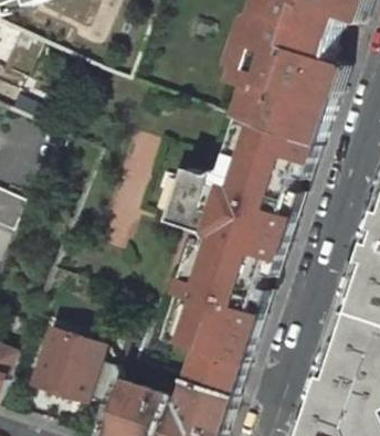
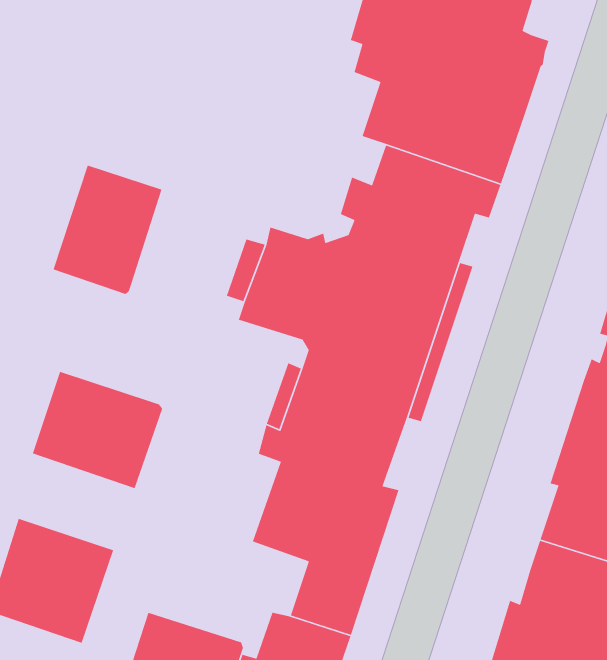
building: none -> [52,165,163,295]
building: none -> [32,371,163,489]

